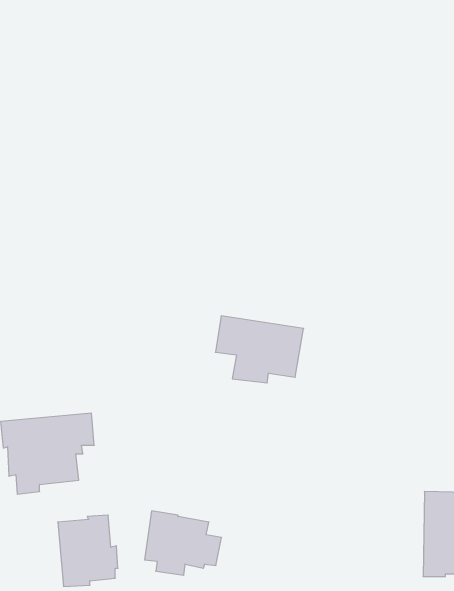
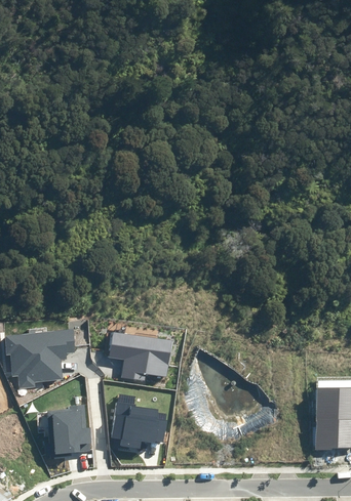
building: [215,316,304,383] -> [108,331,172,380]

